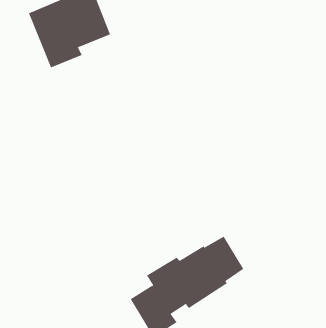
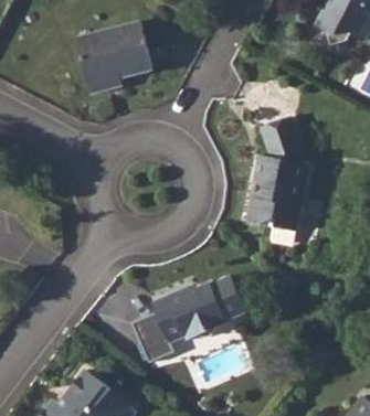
building: none -> [245,110,310,227]

